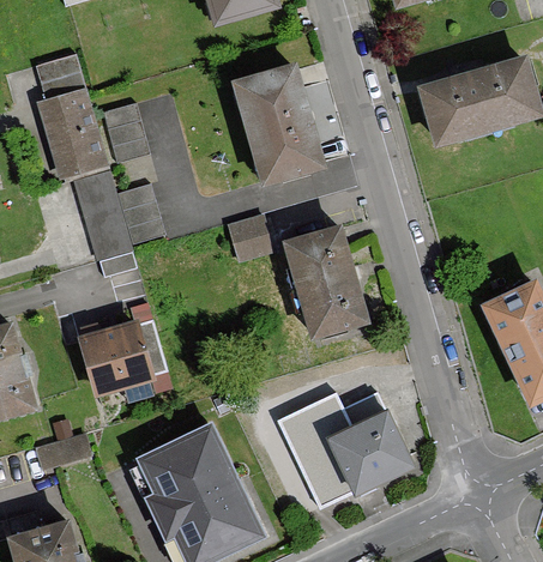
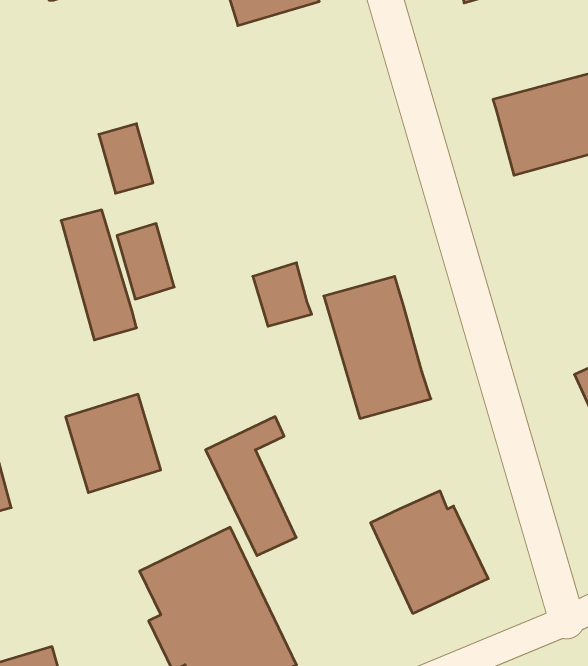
building: [36,55,108,177] -> none
building: [230,64,324,186] -> none
building: [280,394,352,504] -> [206,417,296,556]
building: [35,431,92,466] -> none

